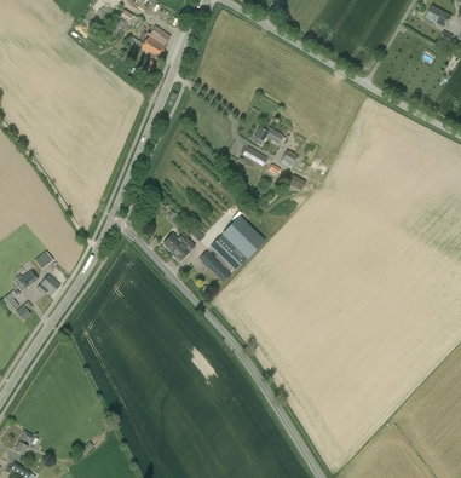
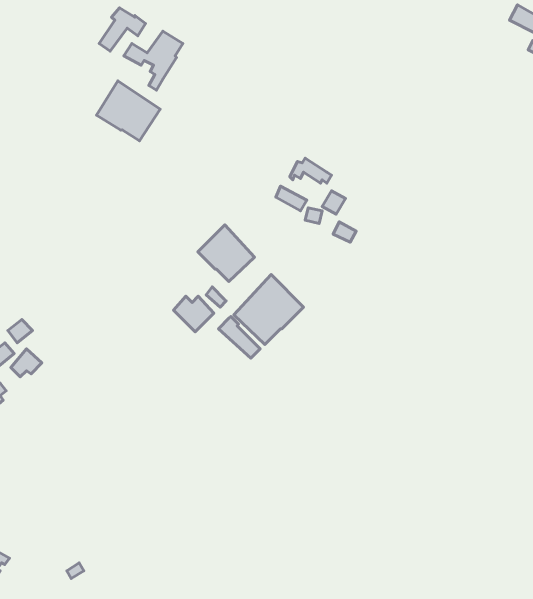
building: none -> [96,81,160,141]
building: none -> [198,225,254,282]

